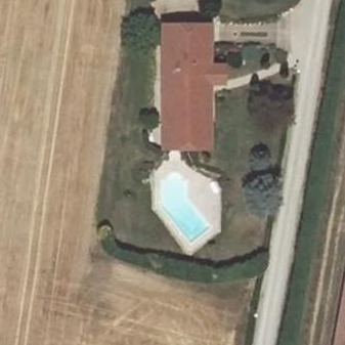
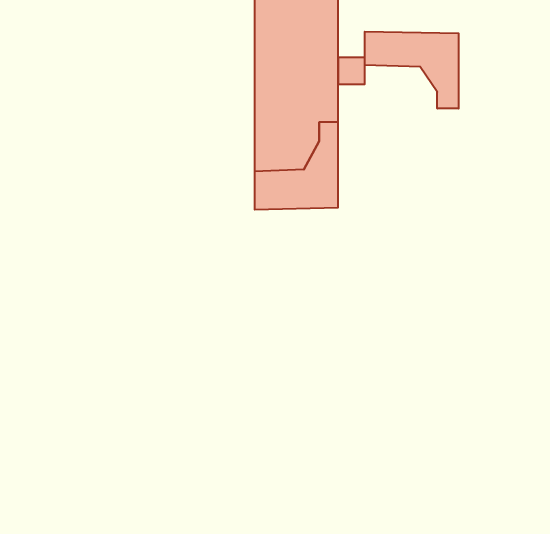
building: none -> [365,32,459,109]

